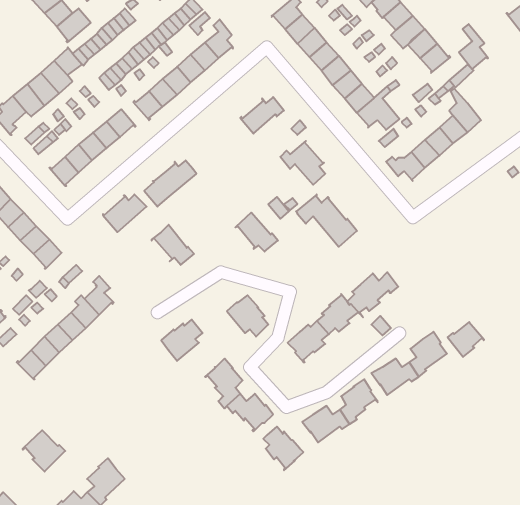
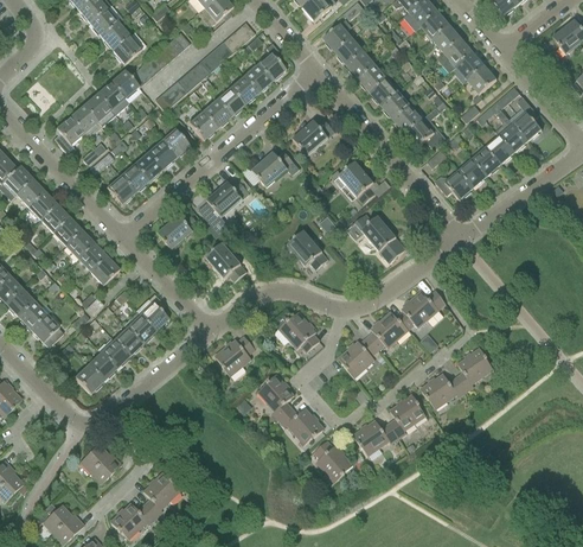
building: [459,24,488,69] -> [513,96,542,140]
building: none -> [251,150,299,184]
building: [448,322,484,357] -> none

